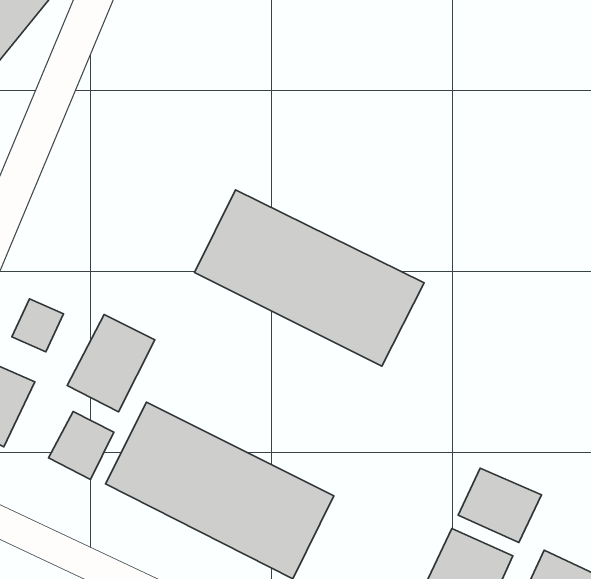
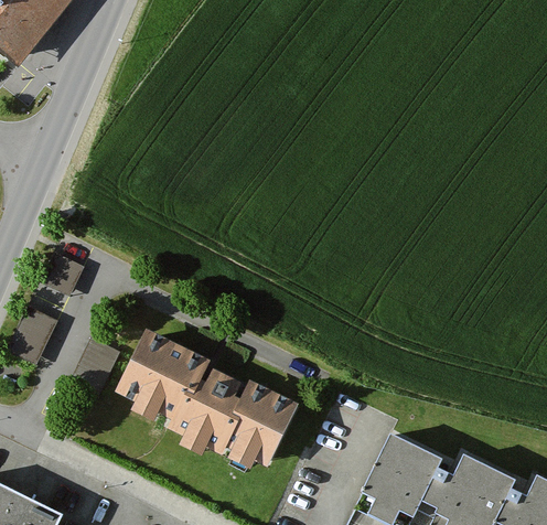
building: [194,190,424,366] -> none
building: [67,314,155,412] -> none
building: [458,468,541,543] -> none

